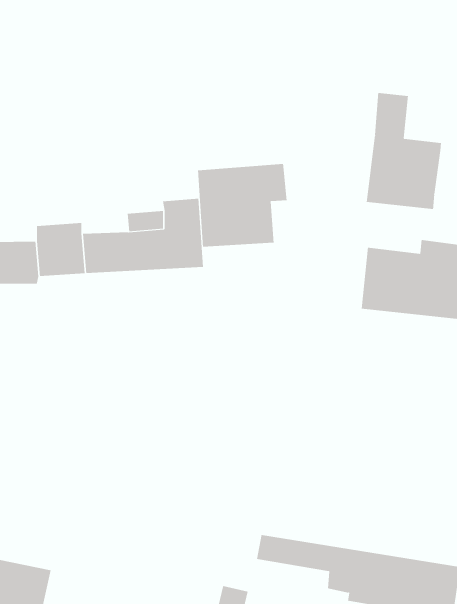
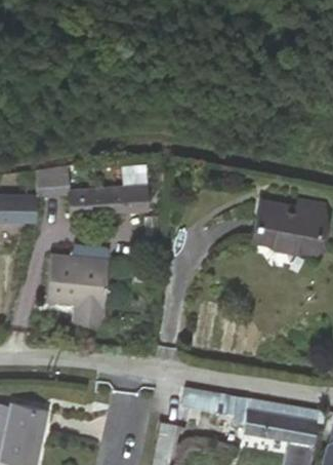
building: [366,92,442,210] -> none
building: [197,163,287,248] -> none
building: none -> [47,256,110,325]

